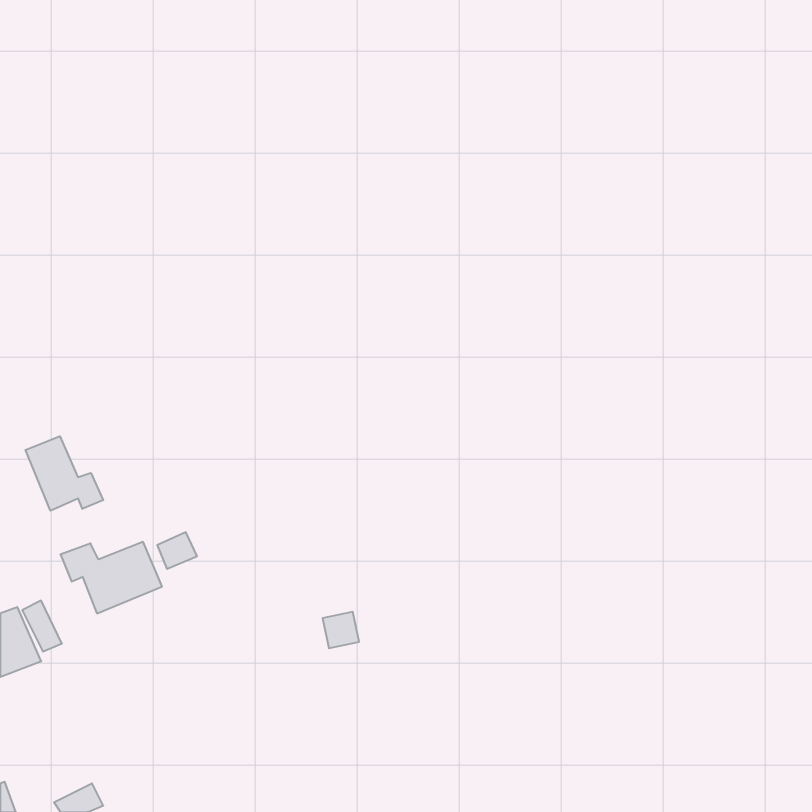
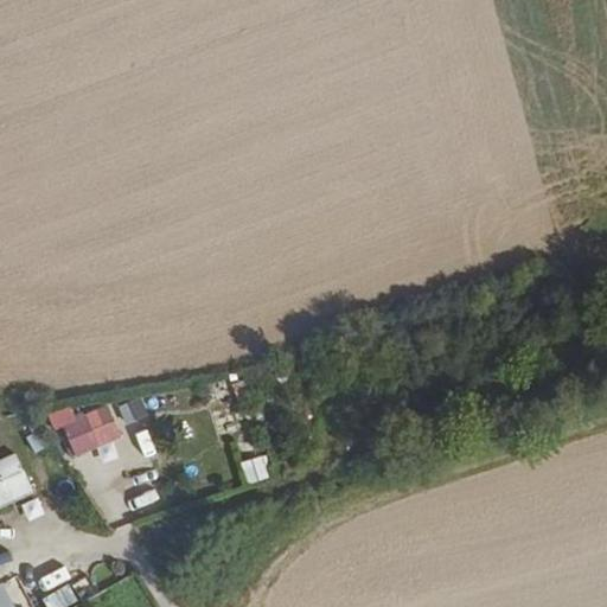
building: [25,436,103,511] -> none

